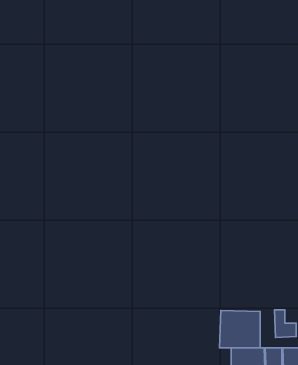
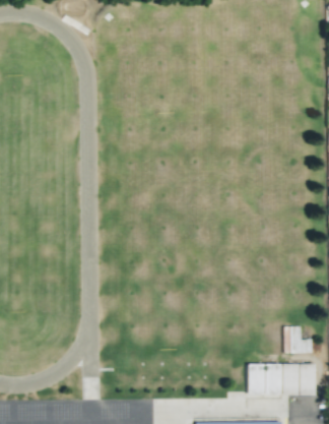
building: [220,310,260,348] -> none

